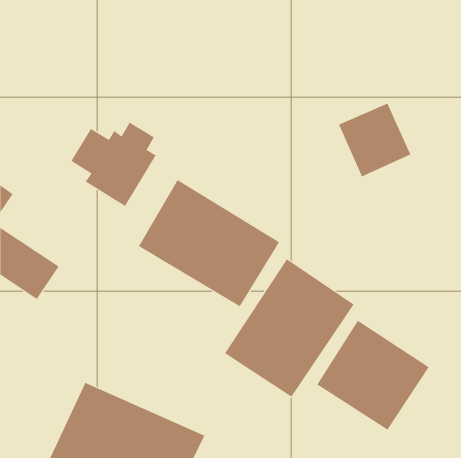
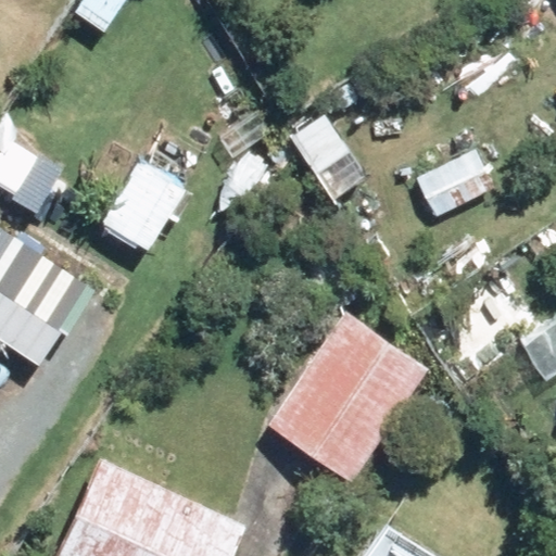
building: [138,179,280,307] -> none
building: [316,320,429,430] -> none

